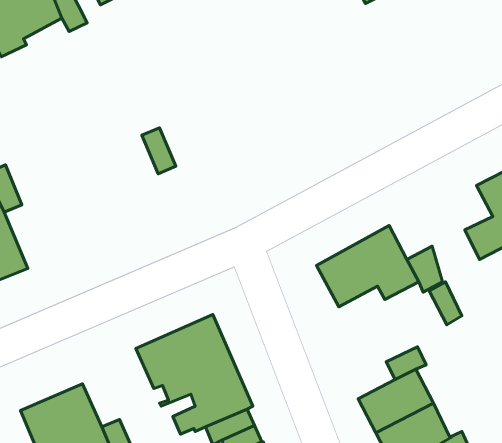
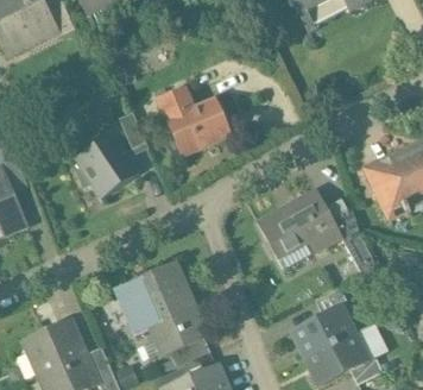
building: none -> [159,88,231,156]
building: none -> [75,133,140,199]
building: none -> [366,158,400,194]

